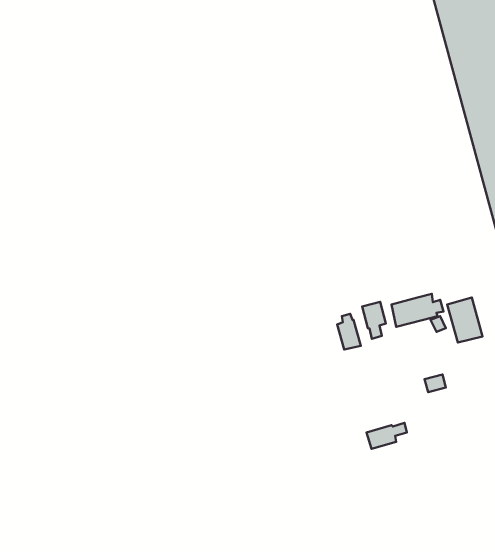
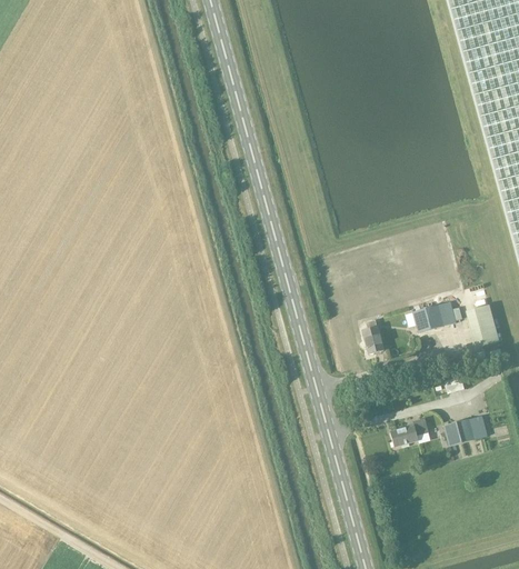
building: [362,302,386,339] -> none
building: none -> [445,413,488,445]

